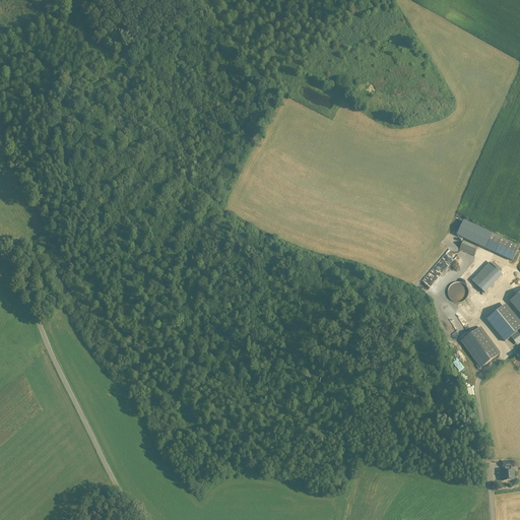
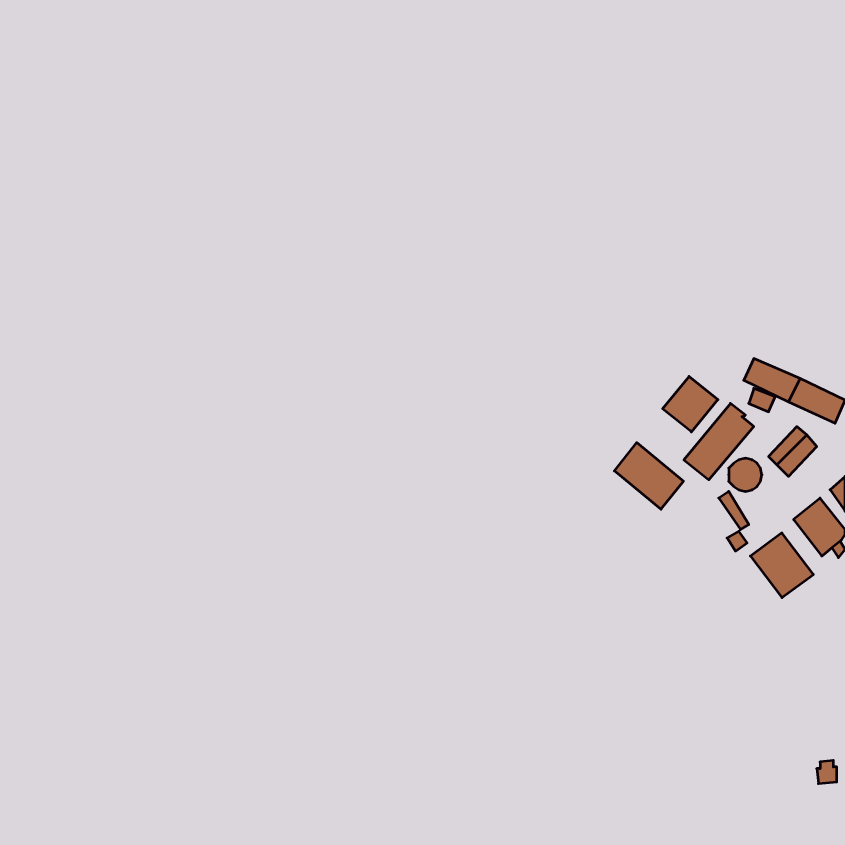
building: none -> [663,376,718,432]
building: none -> [614,443,683,509]

